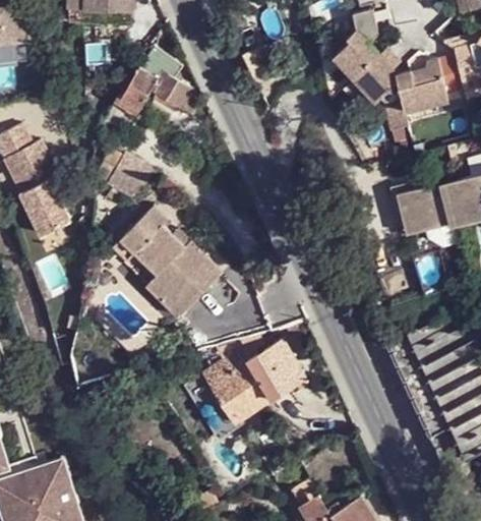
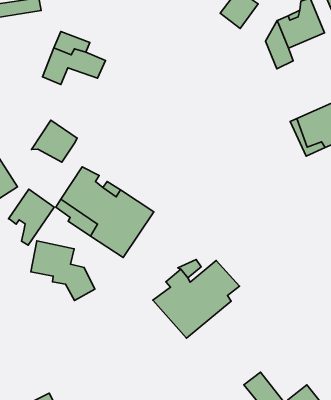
building: [354,56,399,100] -> none
building: none -> [8,189,54,245]
building: none -> [31,241,95,301]

